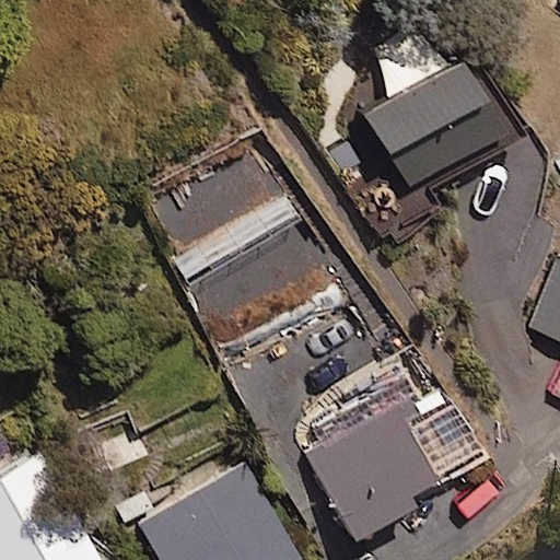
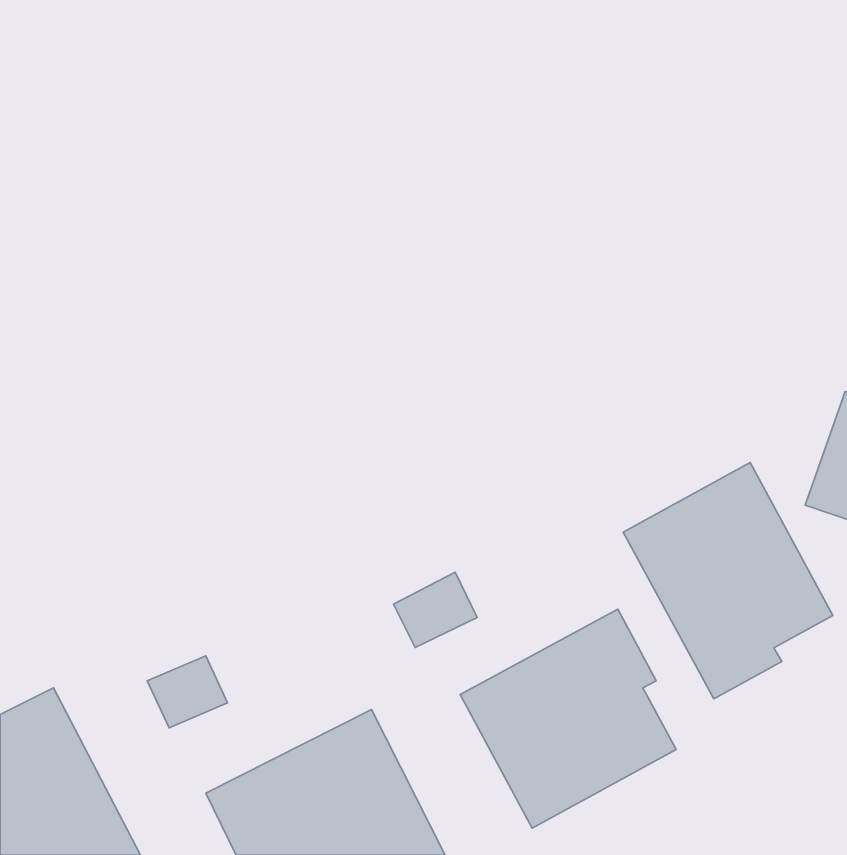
building: [357,18,500,194] -> none
building: none -> [623,463,833,699]

